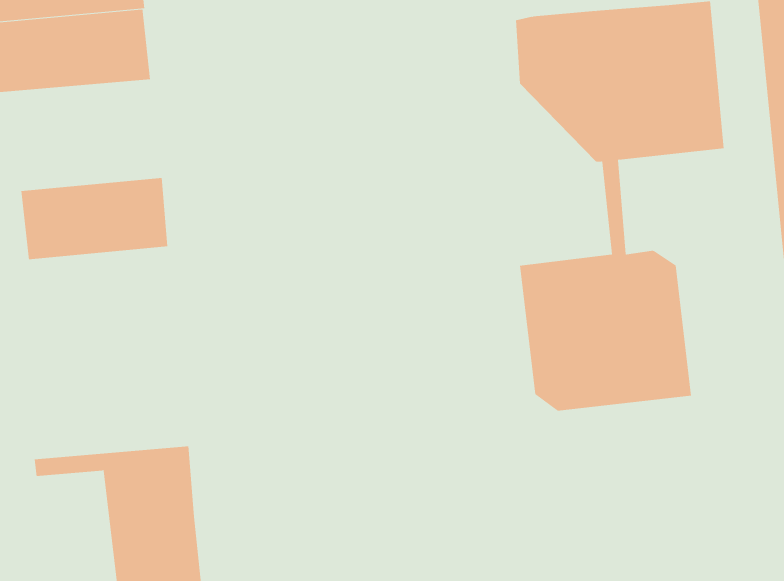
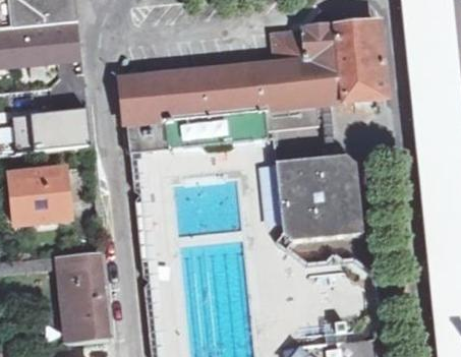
building: none -> [121,63,318,122]
building: none -> [9,171,66,226]

